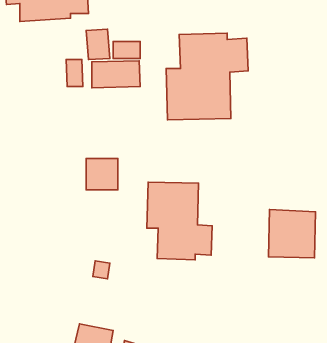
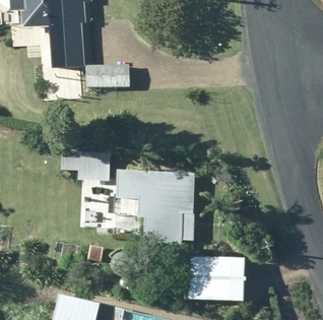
building: [166,33,248,120] -> none
building: [268,210,316,258] -> [188,257,231,301]

